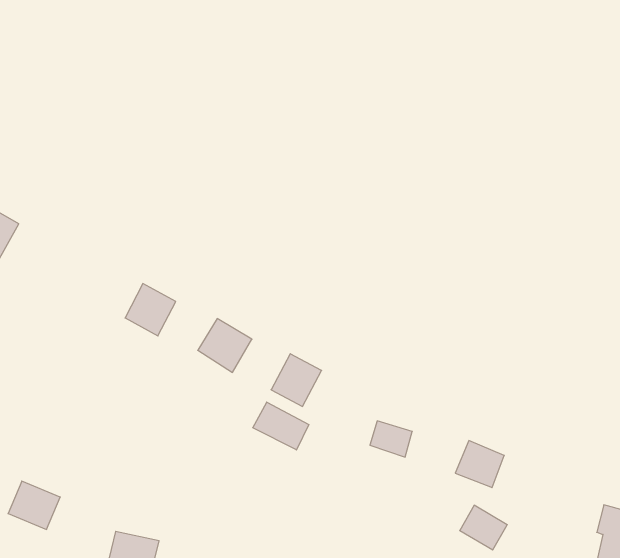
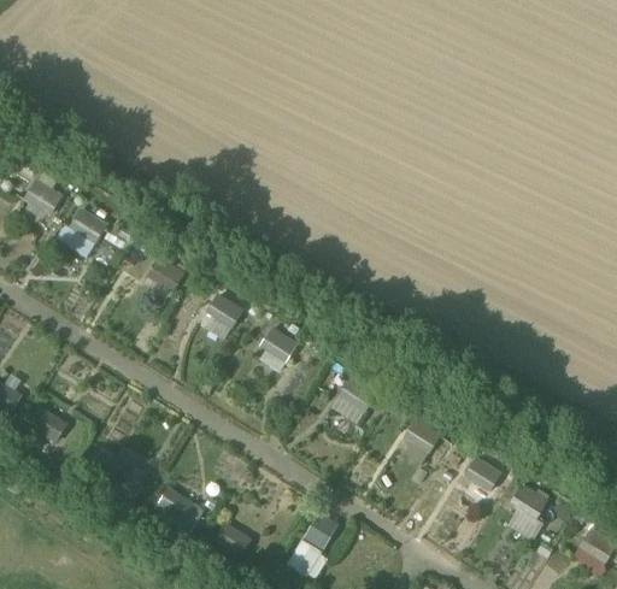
building: none -> [57,206,108,259]
building: [253,402,309,450] -> none
building: [460,505,507,550] -> [463,454,503,493]

